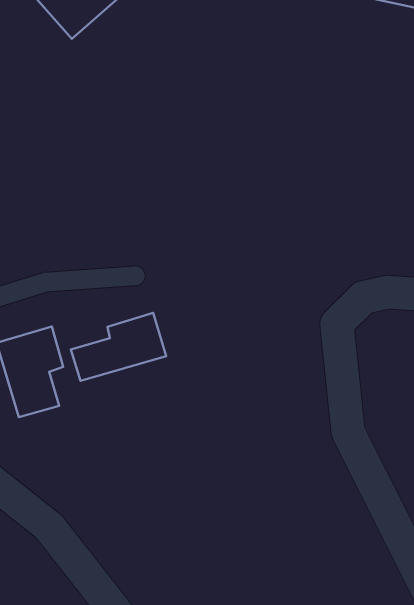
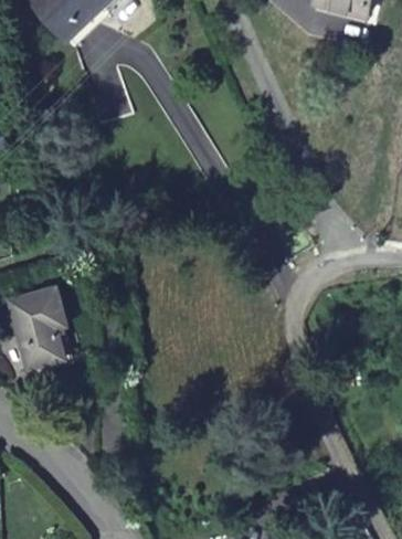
building: [71,313,166,381] -> none

